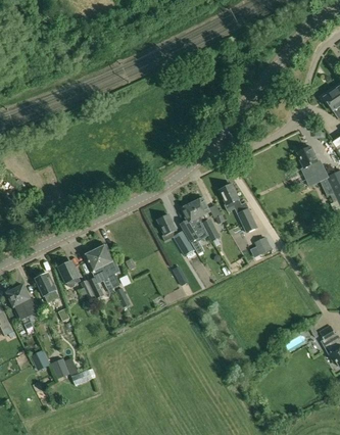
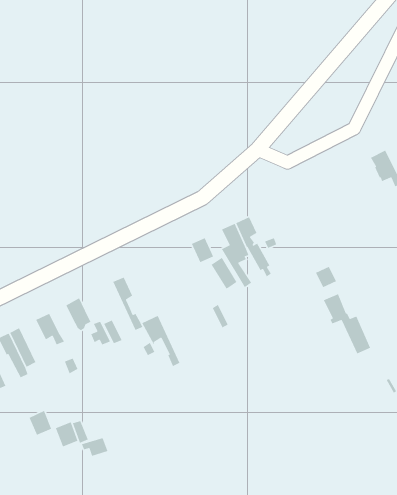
building: [220,184,257,232] -> [323,293,371,355]
building: [83,248,113,289] -> [141,315,180,367]

